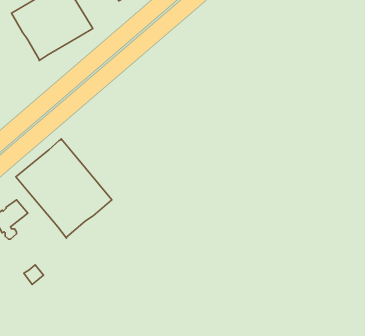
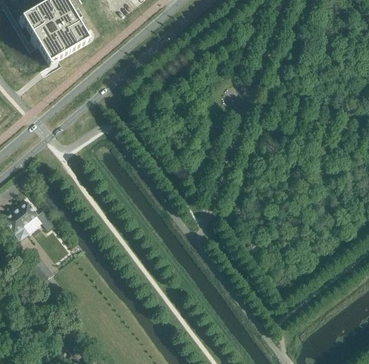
building: [16,139,112,238] -> none

